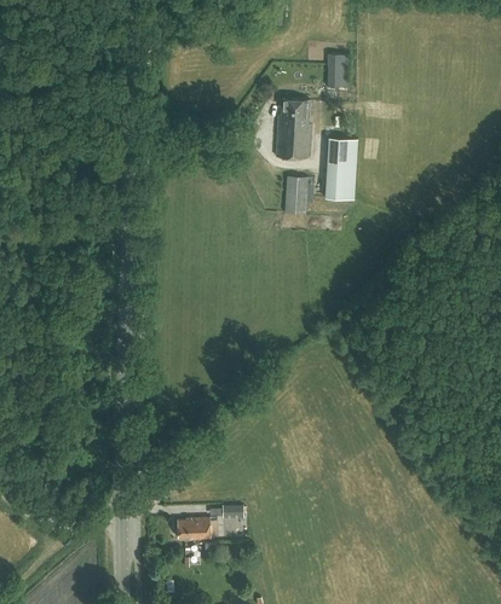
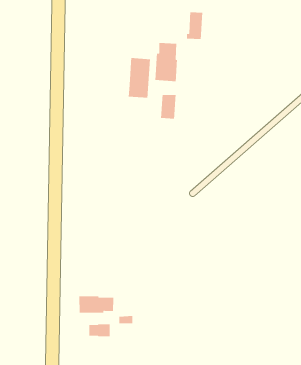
building: [324,138,358,199] -> [128,57,151,99]
building: none -> [78,296,114,313]

